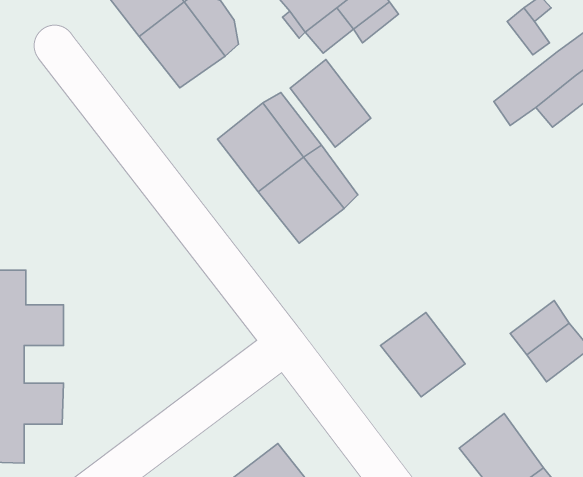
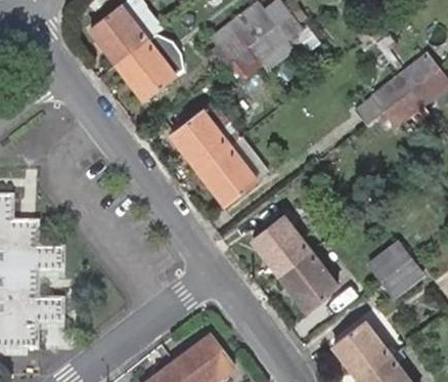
building: [290,59,371,147] -> none
building: none -> [252,214,310,272]

